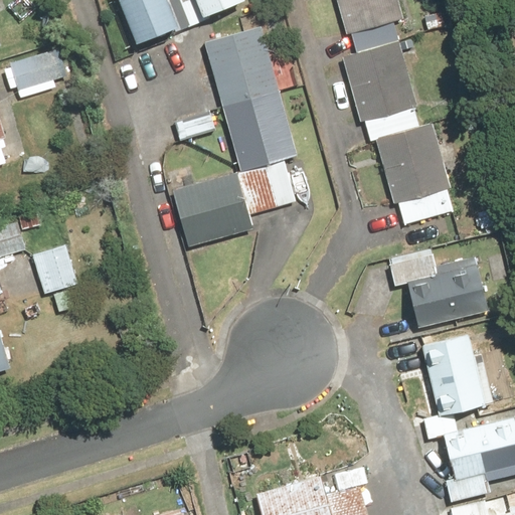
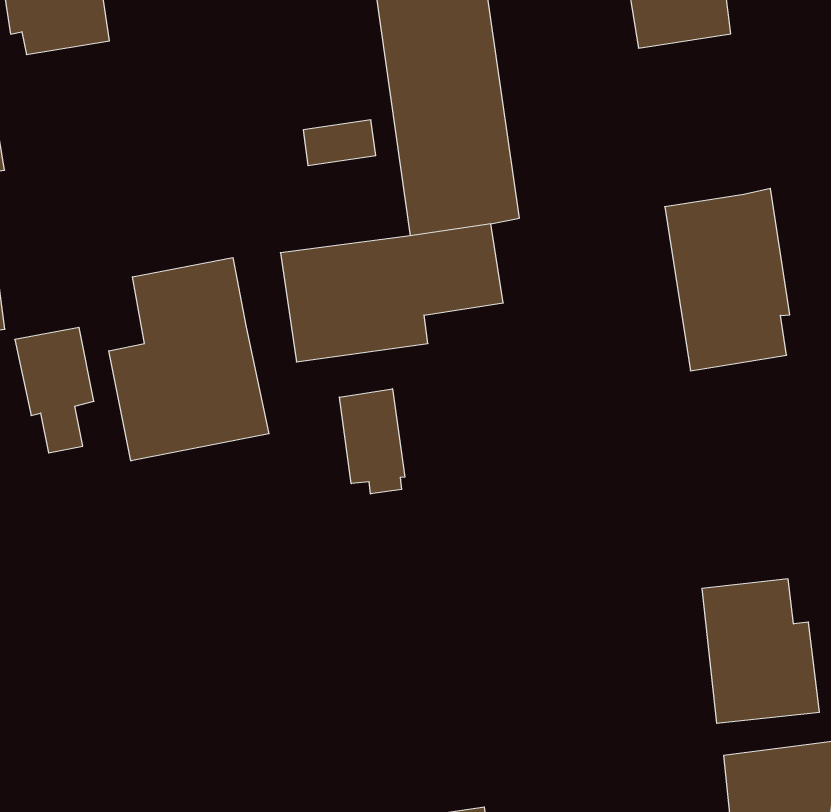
building: [339,39,419,139] -> none
building: none -> [109,258,269,461]
building: [377,254,482,327] -> none
building: none -> [339,389,405,494]

